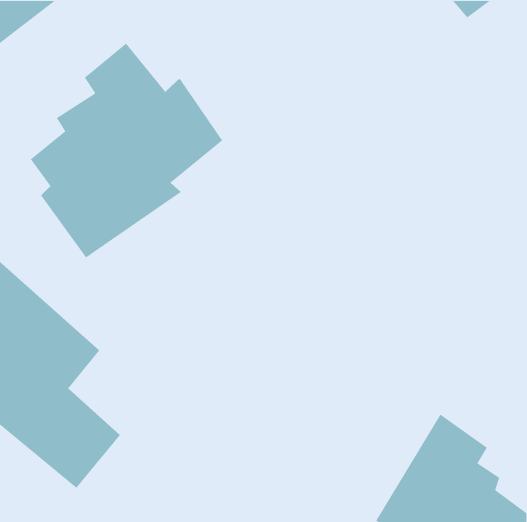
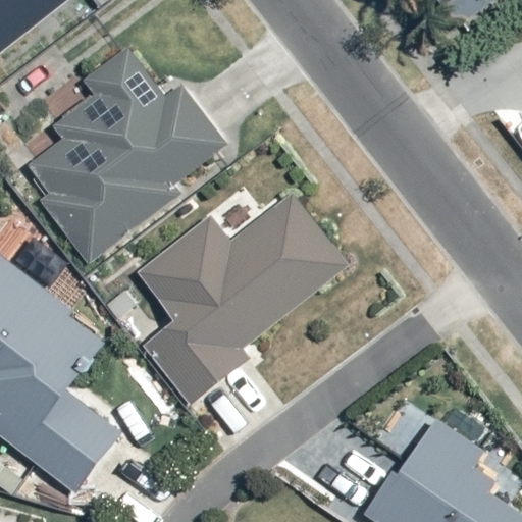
building: none -> [135,197,337,403]

